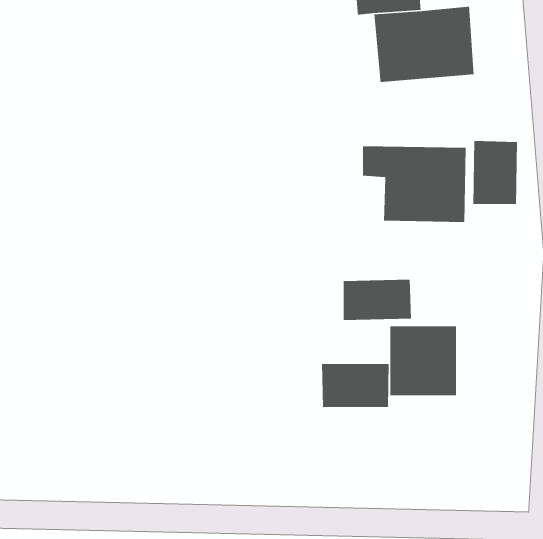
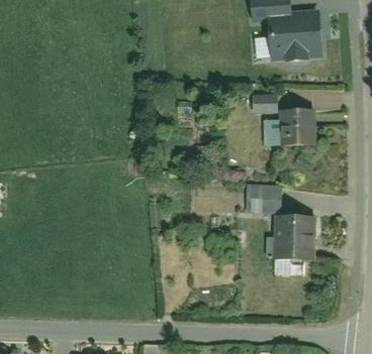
building: [473,140,518,205] -> none
building: [321,363,389,408] -> none

